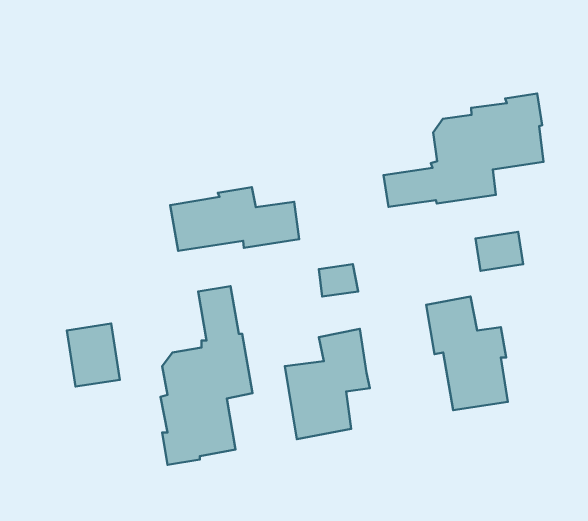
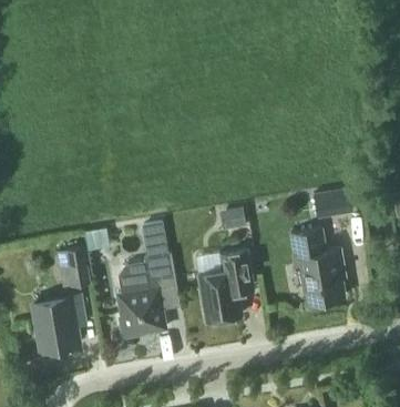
building: [383,93,544,207] -> none
building: [170,187,299,251] -> none
building: none -> [33,296,88,350]

